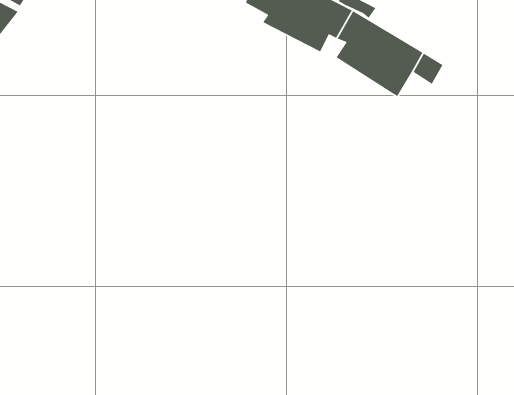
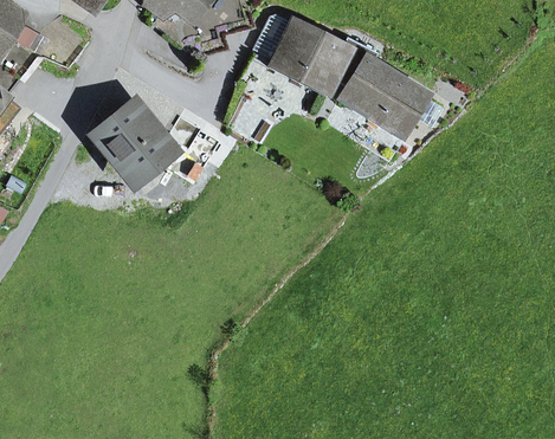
building: none -> [98,106,167,177]

